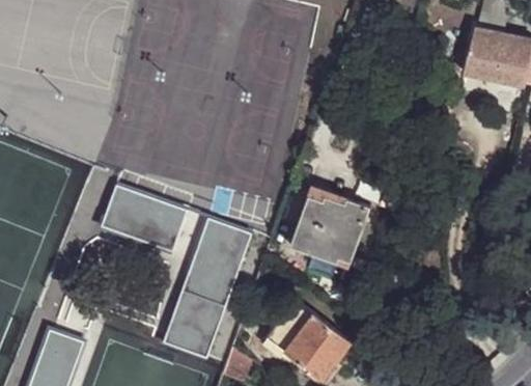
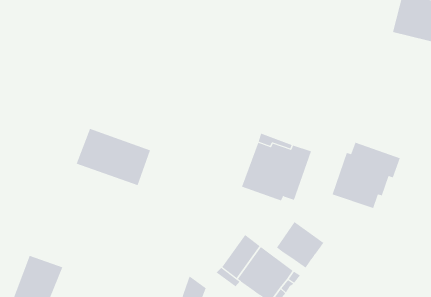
building: none -> [332,142,401,209]
building: [165,217,251,353] -> none
building: none -> [276,221,324,268]

